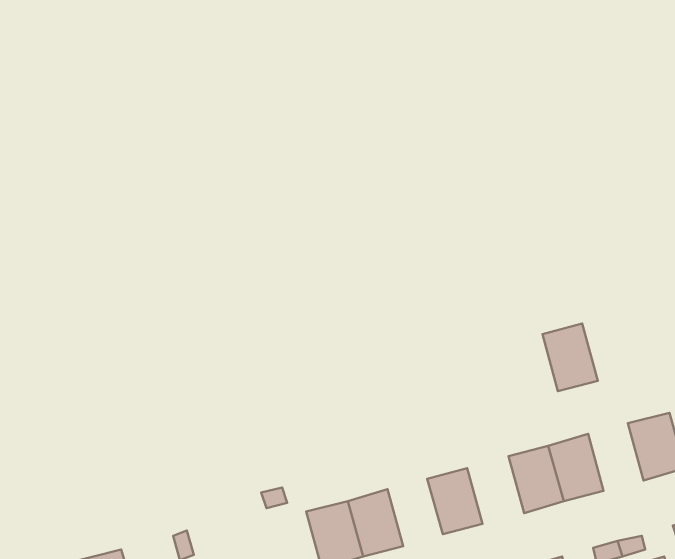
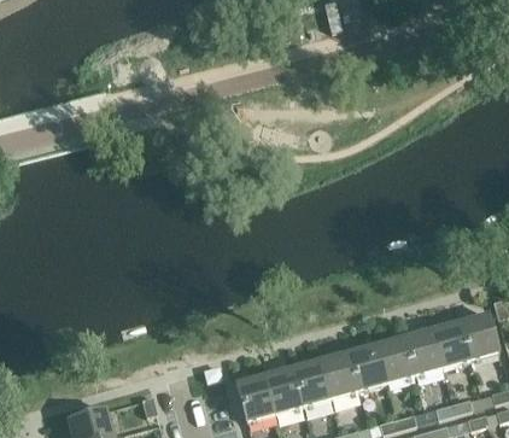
building: [542,324,598,391] -> [432,320,470,367]
building: none -> [347,343,387,390]
building: none -> [292,358,330,405]

